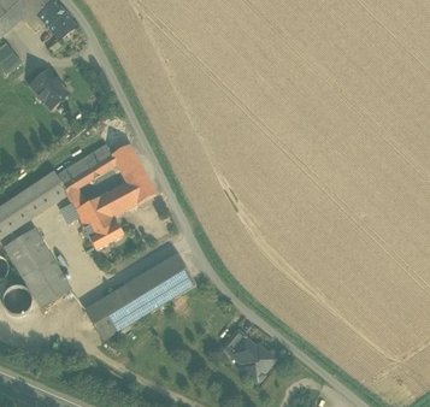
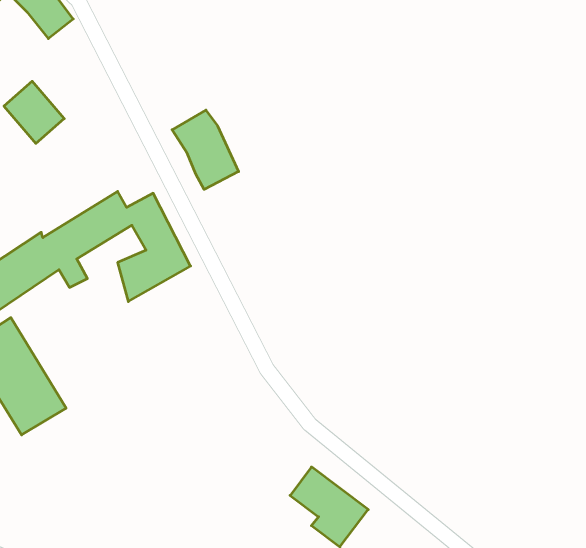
building: none -> [172,110,239,189]
building: [73,190,123,249] -> none
building: [83,253,195,340] -> none

